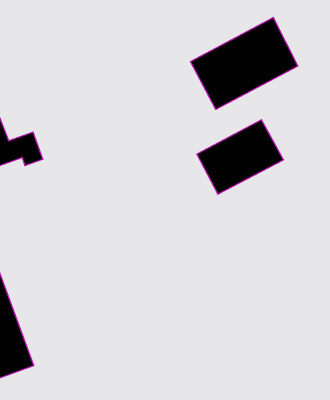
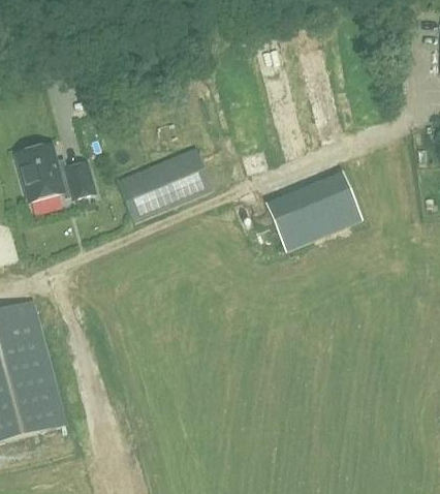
building: [190,17,298,109] -> none
building: none -> [116,148,214,222]

